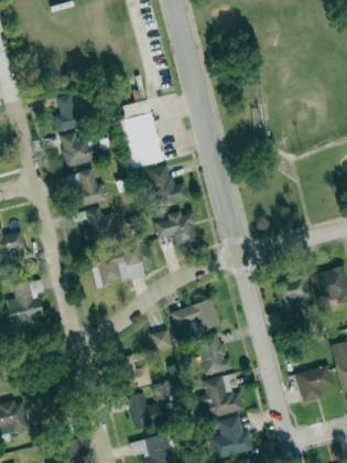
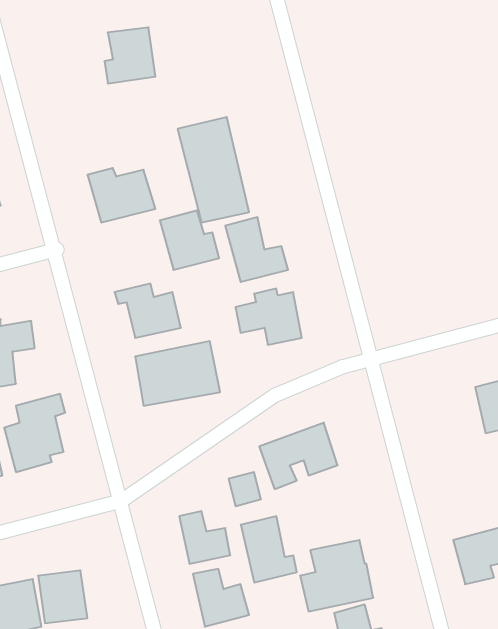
building: [54,94,87,130] -> [104,27,155,83]
building: [68,169,107,207] -> [160,210,219,270]
building: [274,276,311,321] -> none
building: [196,332,232,375] -> [241,516,297,583]

